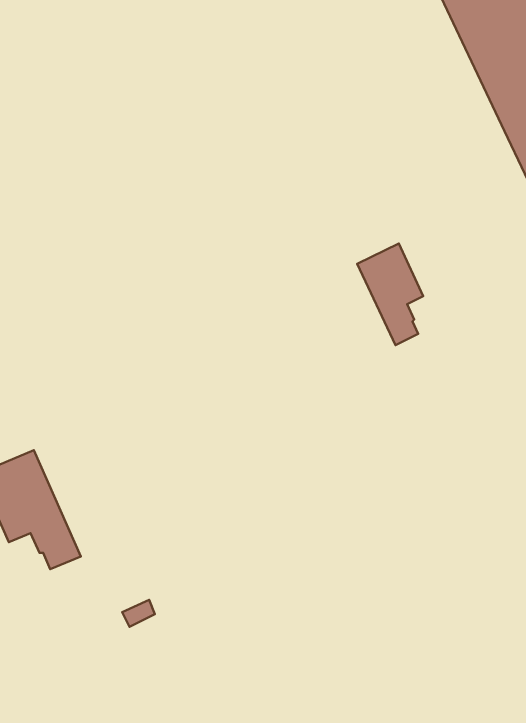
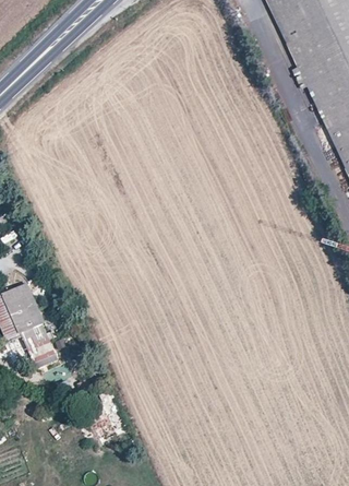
building: [357,243,423,345] -> none

